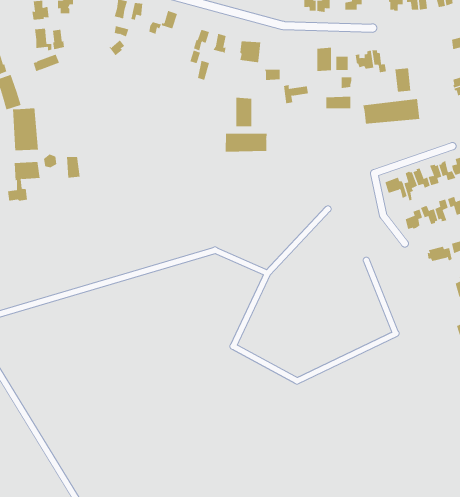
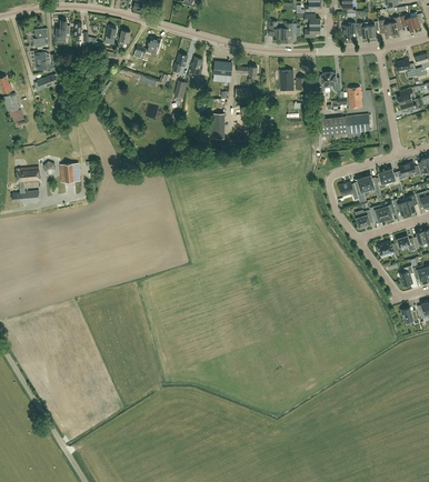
building: [13,108,38,151] -> none
building: [225,133,267,153] -> none

